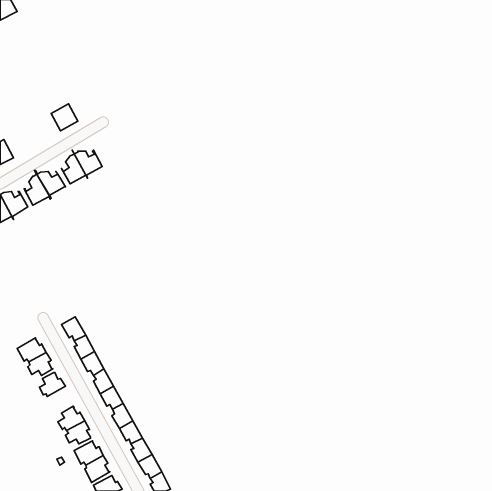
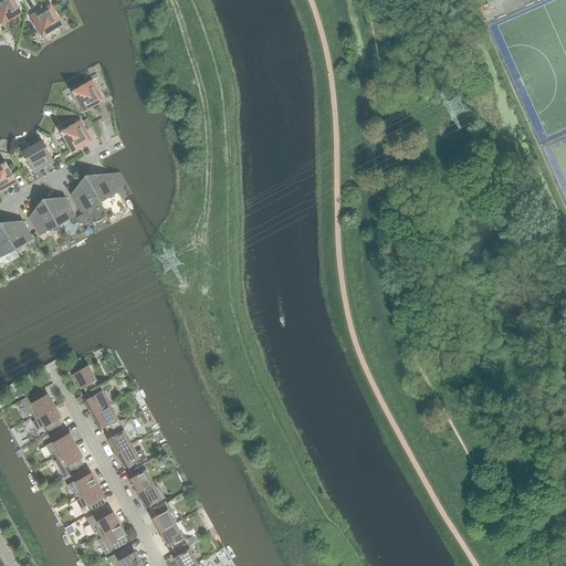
building: none -> [29,4,61,35]
building: none -> [70,78,102,111]
building: none -> [21,140,53,171]
building: none -> [53,443,82,474]

